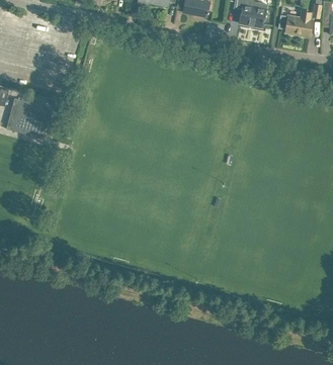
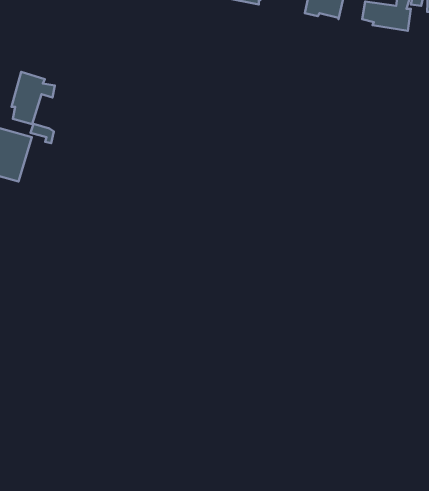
building: none -> [11,72,55,124]

